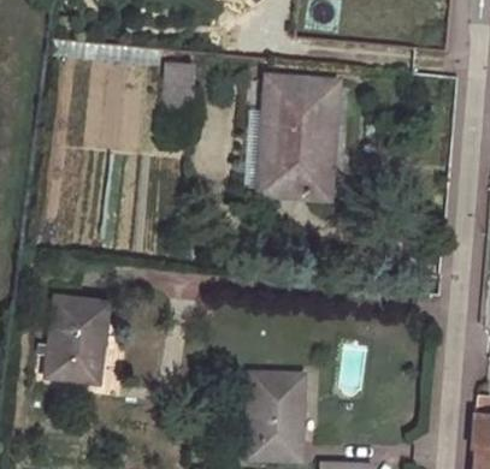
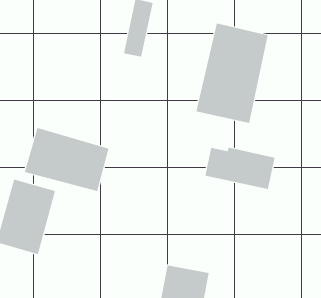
building: none -> [205,147,275,190]
building: none -> [24,127,109,192]

